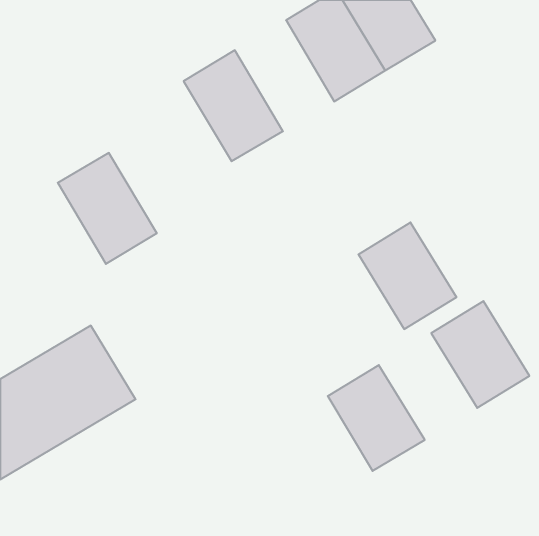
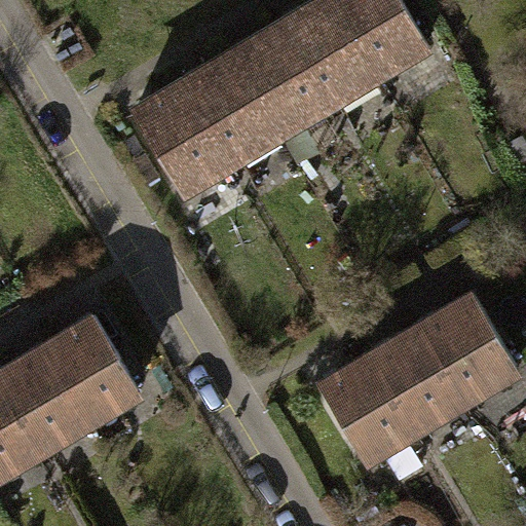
building: none -> [232,29,328,136]
building: [58,153,157,264] -> [134,87,229,194]
building: [358,222,457,329] -> [371,330,465,433]

